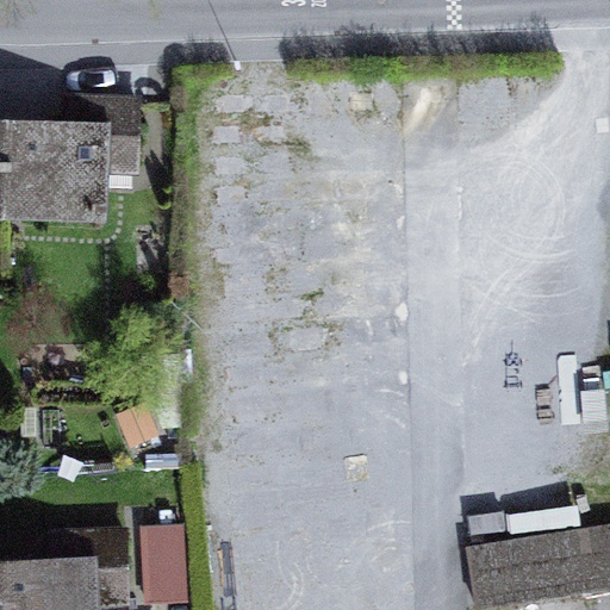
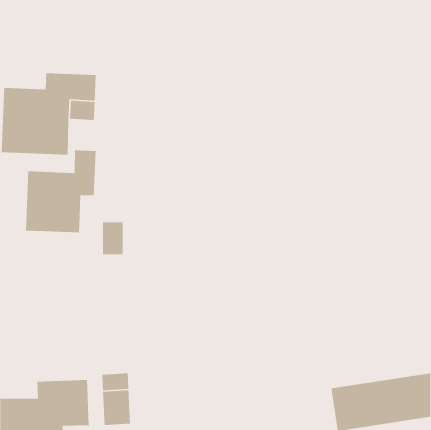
building: none -> [25,150,96,233]

